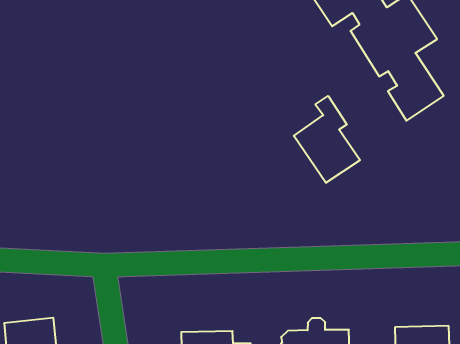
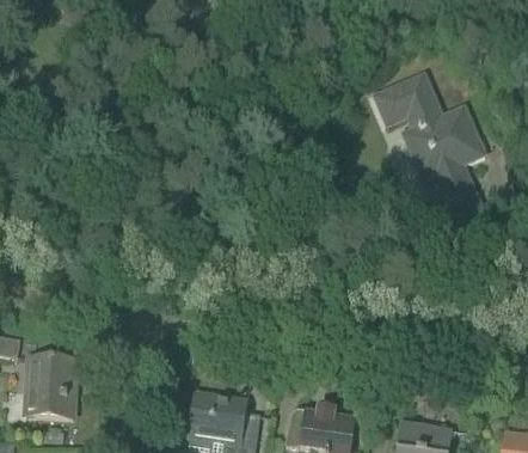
building: [294,96,360,183] -> none

